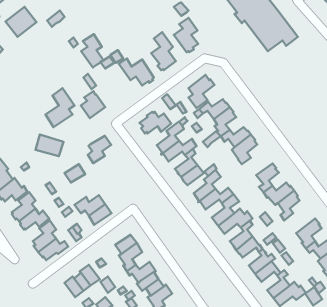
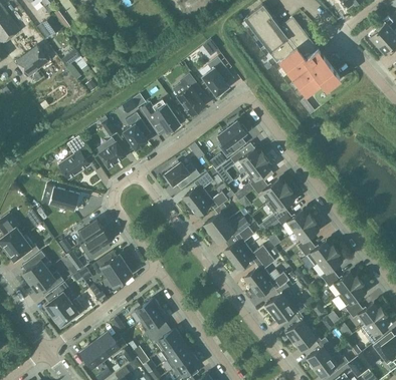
building: [81,34,104,67] -> [122,112,147,149]
building: [88,136,111,163] -> [83,231,110,261]
building: none -> [276,209,311,232]
building: none -> [324,271,358,294]

